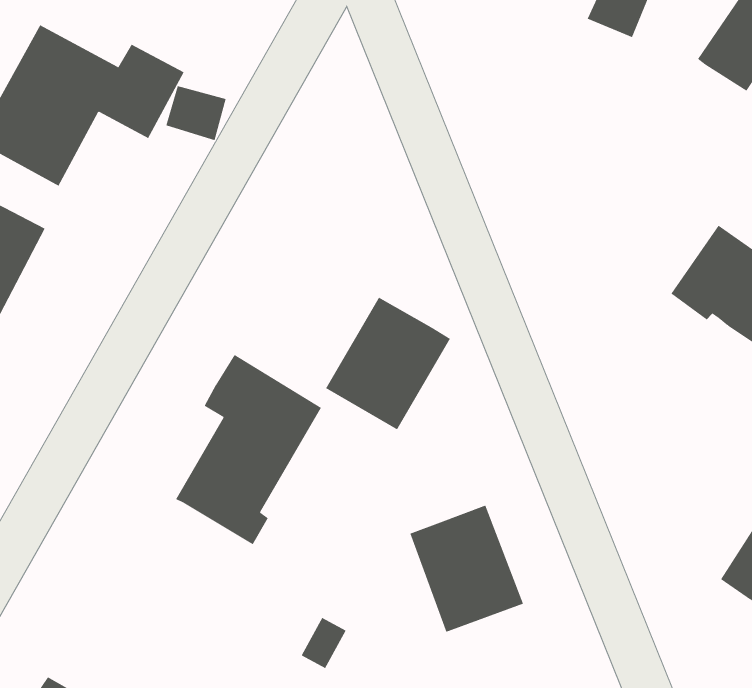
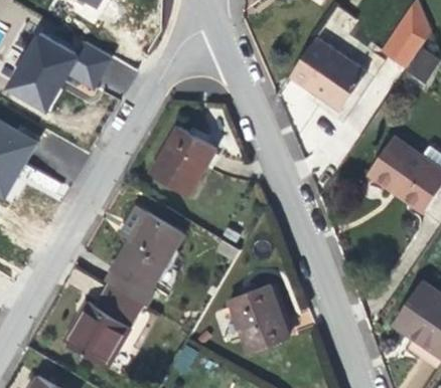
building: none -> [290,38,366,107]
building: [325,297,451,430] -> [150,127,216,197]
building: none -> [63,284,145,368]

